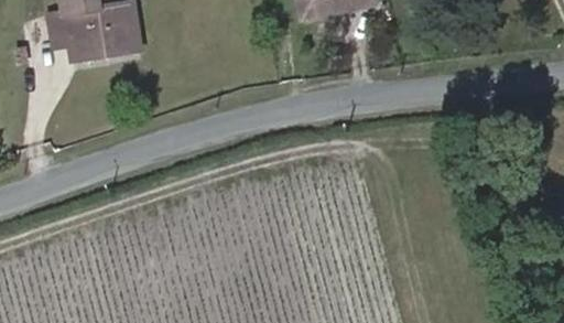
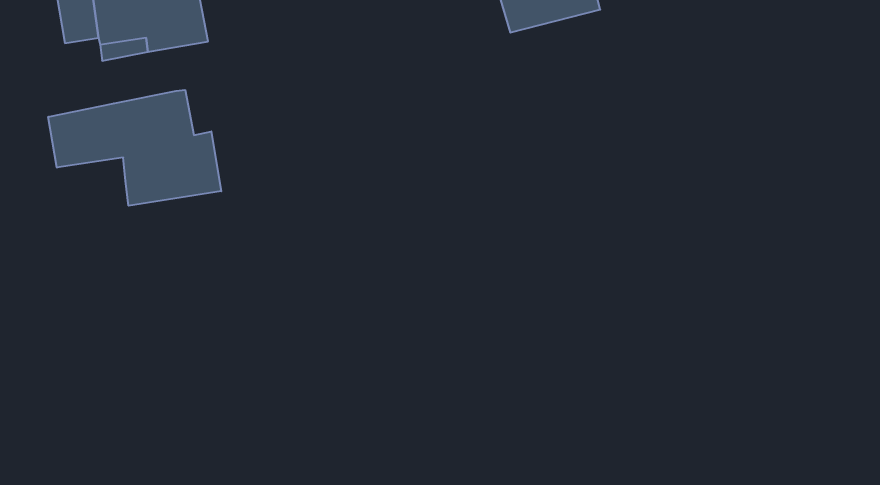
building: none -> [48,90,221,206]

